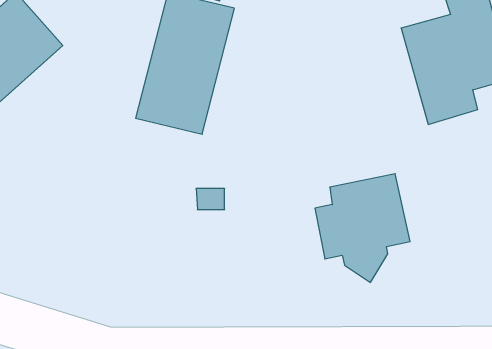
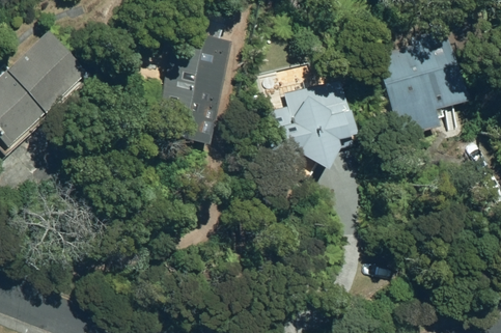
building: [315,174,410,282] -> [276,79,356,170]

